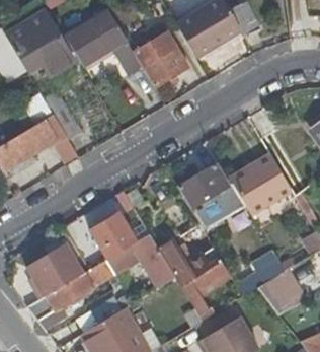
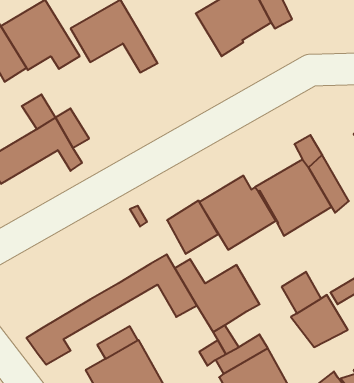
building: [134,31,189,87] -> none
building: [91,212,136,259] -> [167,201,218,254]
building: [26,242,83,298] -> none

